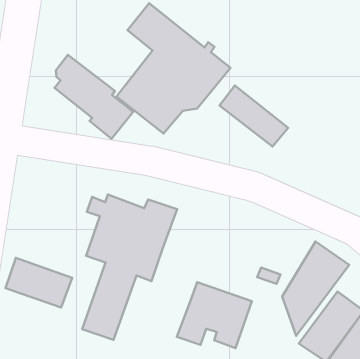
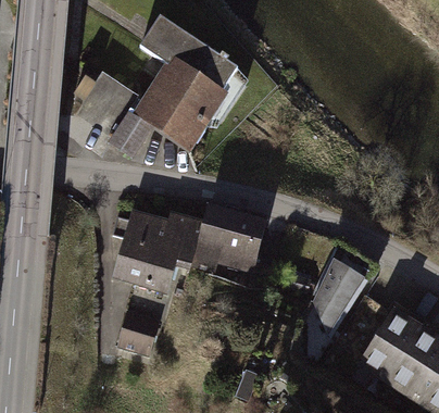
building: [220,86,288,147] -> none
building: [5,258,72,308] -> none
building: [177,282,252,348] -> [191,206,263,270]

